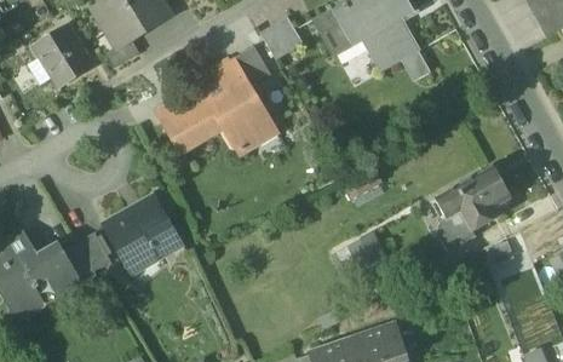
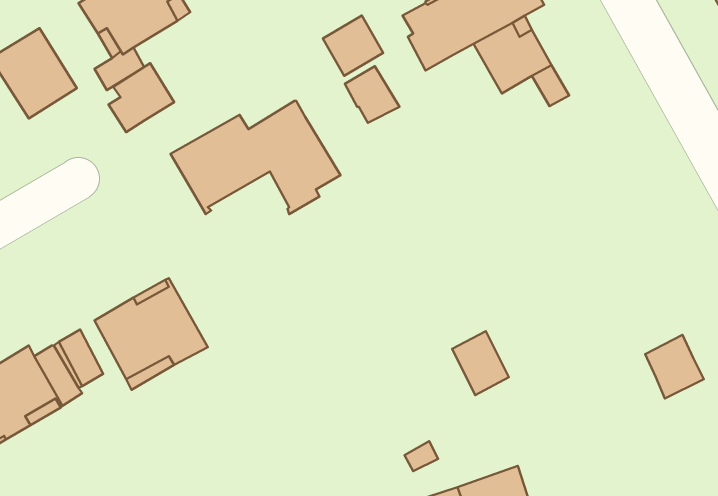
building: [234,47,271,86] -> [345,66,400,123]
building: none -> [109,63,174,132]
building: [436,166,510,247] -> none

